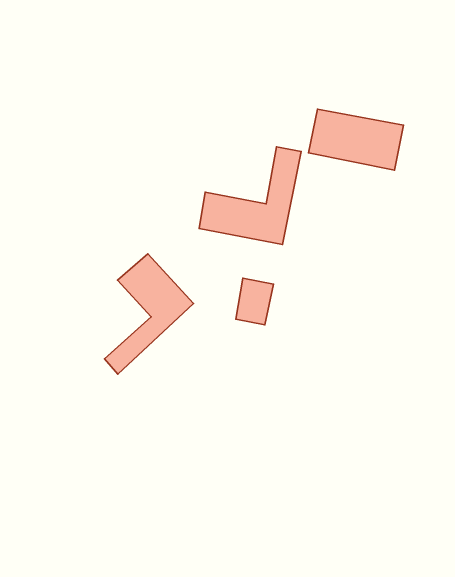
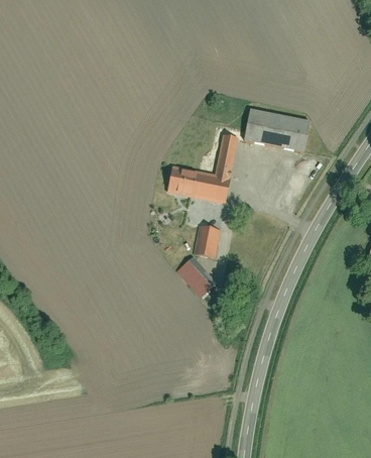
building: [105,254,194,374] -> none
building: none -> [177,256,216,296]

